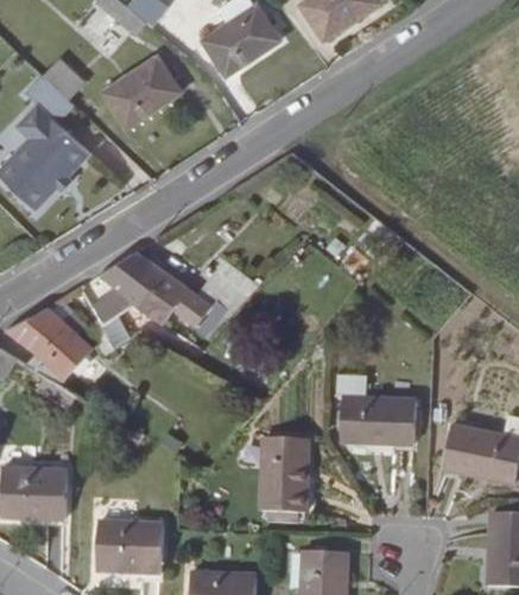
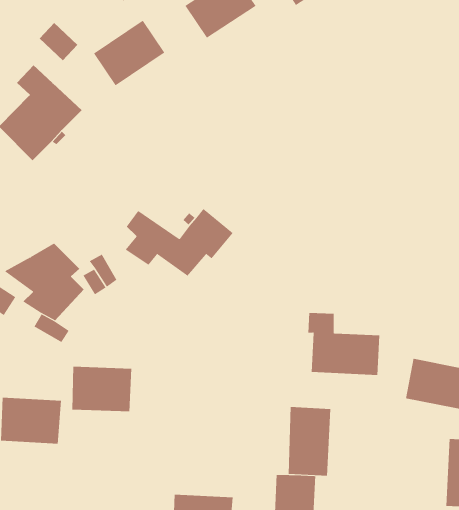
building: [26,76,75,125] -> none
building: [100,252,151,314] -> none
building: [260,438,308,514] -> [288,407,331,476]
building: [96,524,163,574] -> [71,366,132,412]

